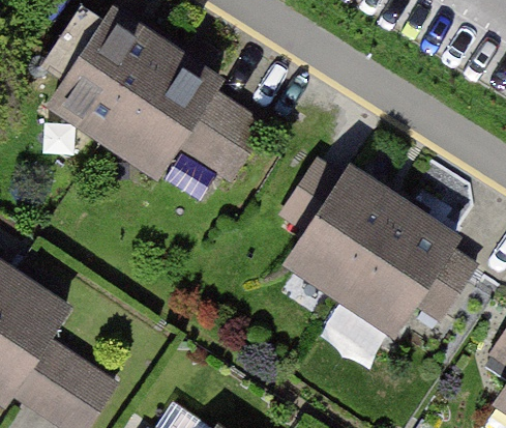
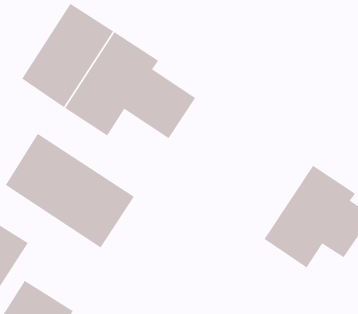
building: [282,163,403,296] -> none
building: none -> [5,133,135,248]

